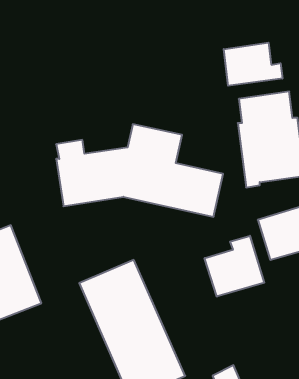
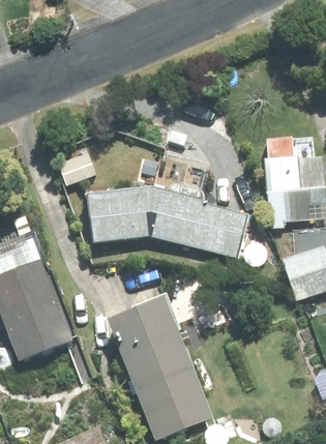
building: [224,43,282,86] -> none
building: [205,236,264,297] -> none

